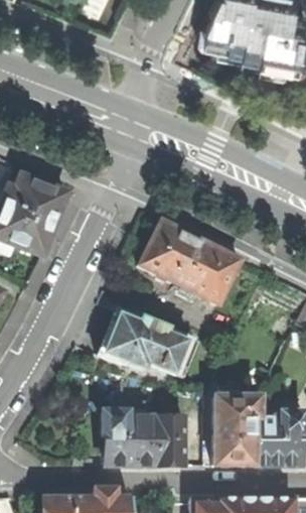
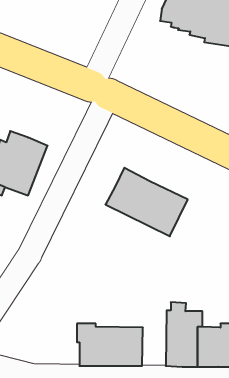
building: [97,308,190,374] -> none

